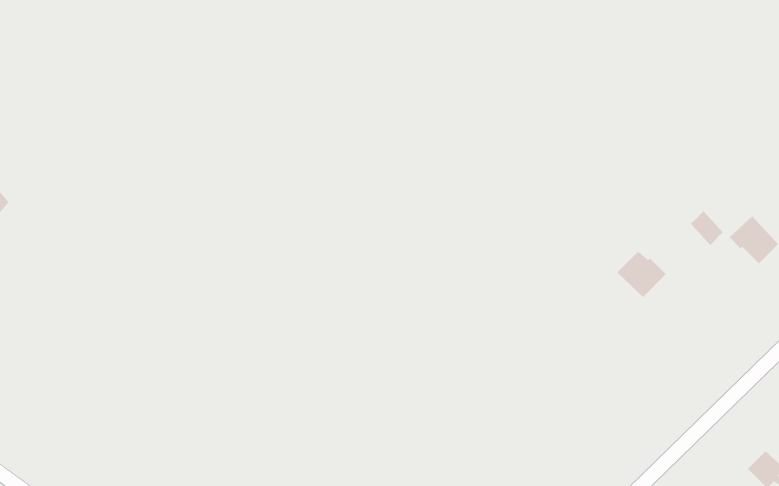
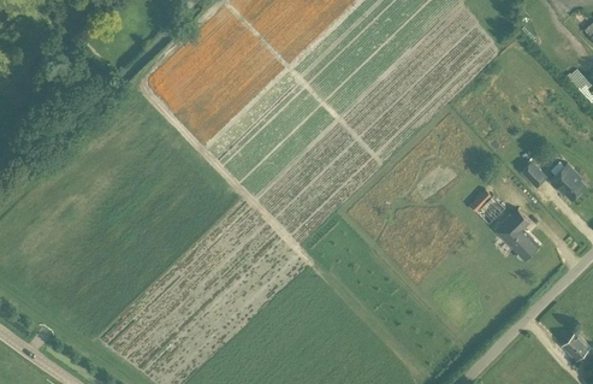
building: none -> [494,207,538,259]

